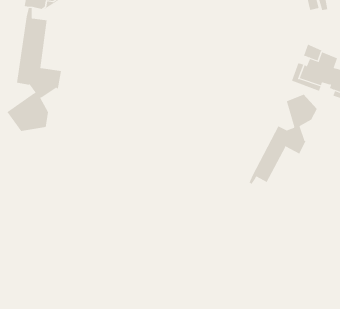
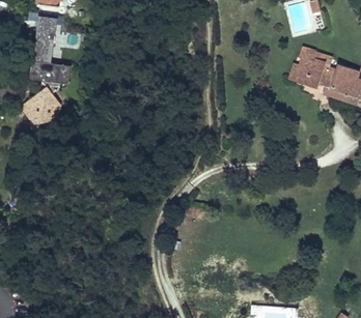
building: [249,94,317,185] -> none

